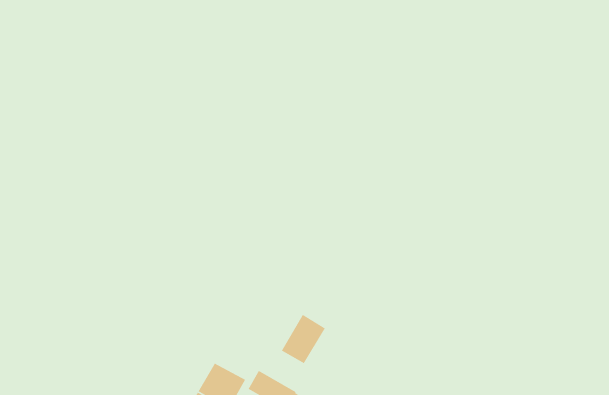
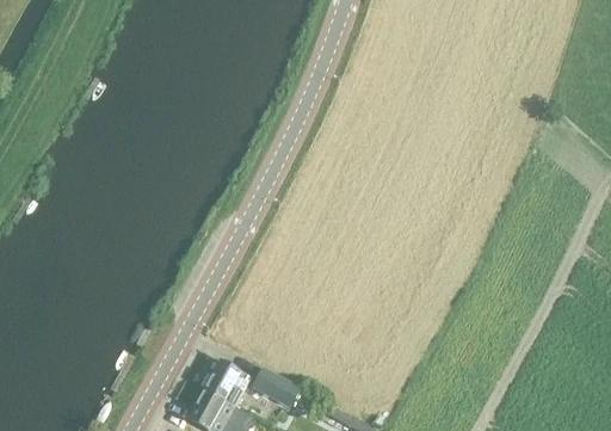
building: [281,314,326,364] -> none

